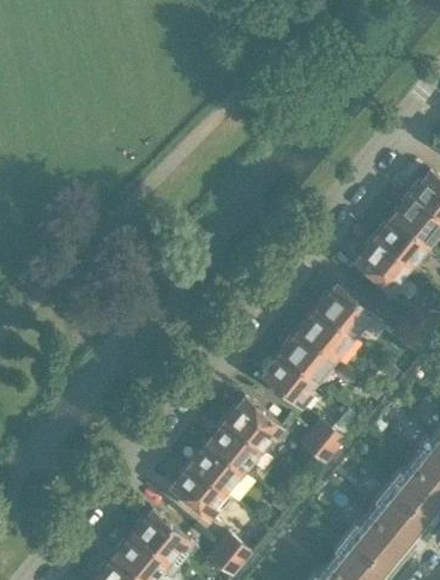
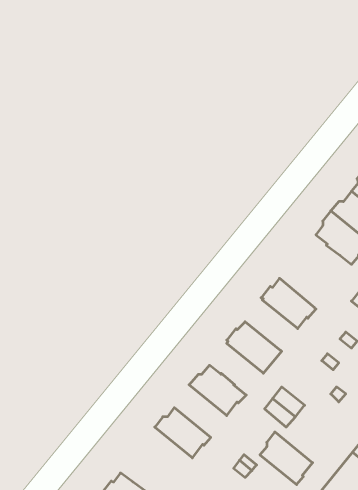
building: [313,286,370,339] -> none
building: [277,331,334,383] -> none
building: [204,419,259,475] -> [260,432,313,485]
building: [167,464,223,519] -> none

